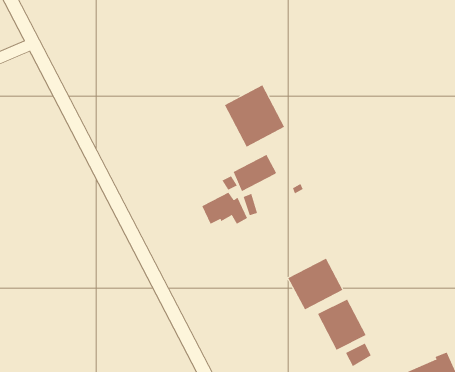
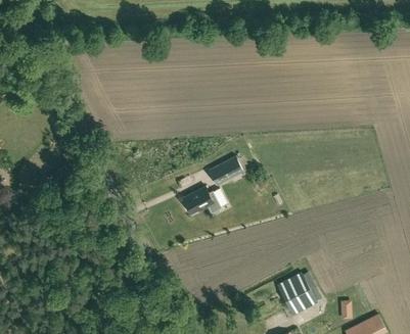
building: [224,84,285,147] -> none
building: [288,258,343,310] -> none

